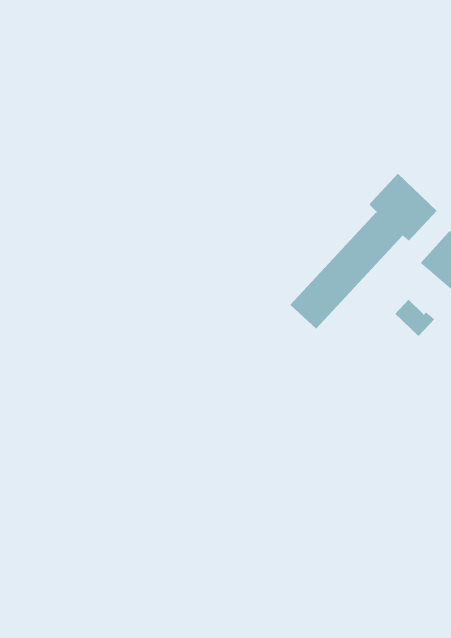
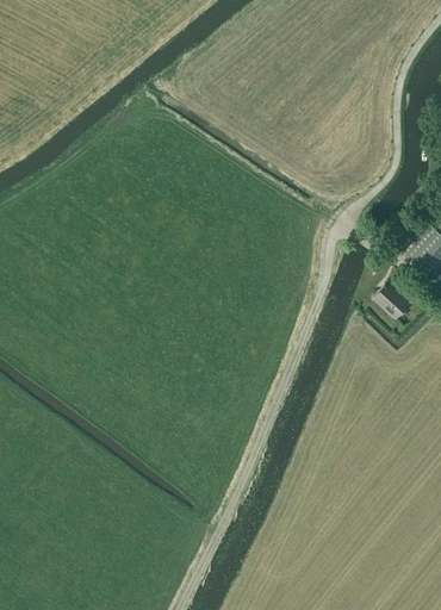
building: [289,173,438,329] -> none

